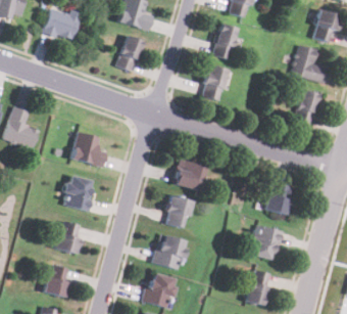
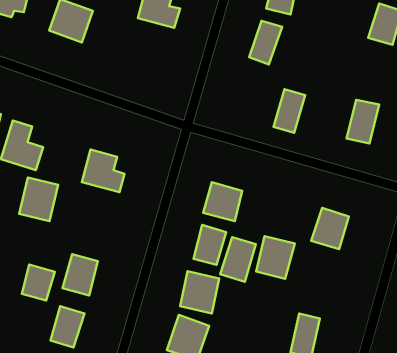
building: [116,35,145,73] -> none
building: [293,45,329,84] -> none
building: [201,64,228,101] -> [274,89,305,133]
building: [63,174,96,211] -> [19,177,58,221]
building: none -> [220,237,256,282]
building: [249,225,282,261] -> [256,236,295,279]
building: none -> [22,264,55,300]

